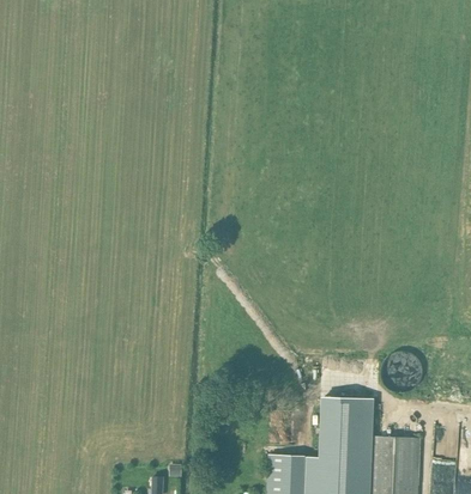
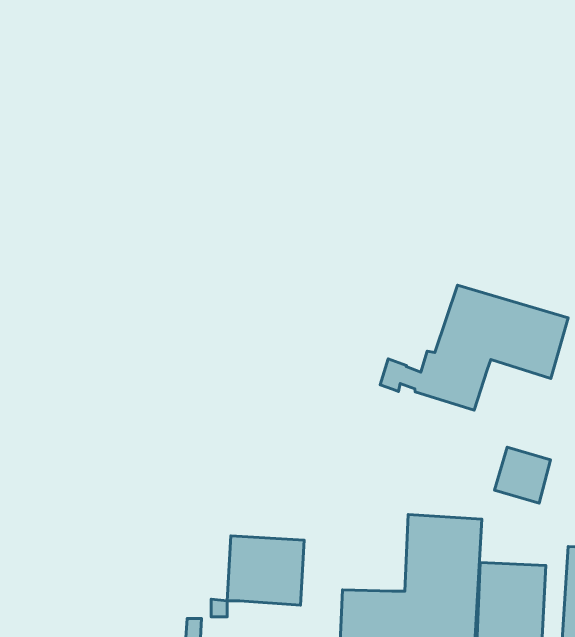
building: none -> [380,285,568,410]
building: none -> [227,536,304,605]

